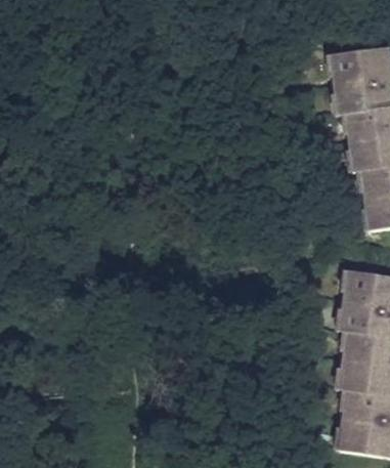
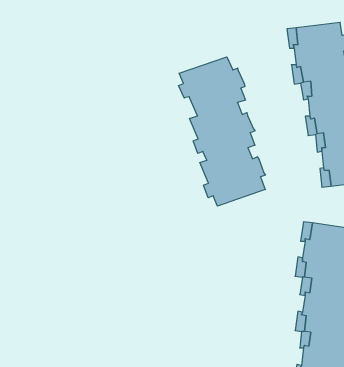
building: none -> [178,57,265,206]

